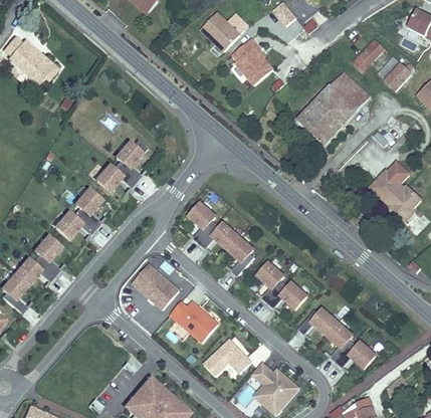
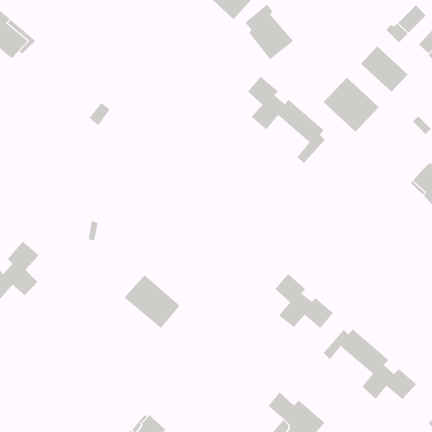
building: [317,87,355,123] -> none
building: [95,139,148,191] -> none
building: [55,188,101,238] -> none
building: [189,203,254,276] -> [247,76,326,164]
building: [175,300,218,342] -> none
building: [203,341,251,375] -> none

